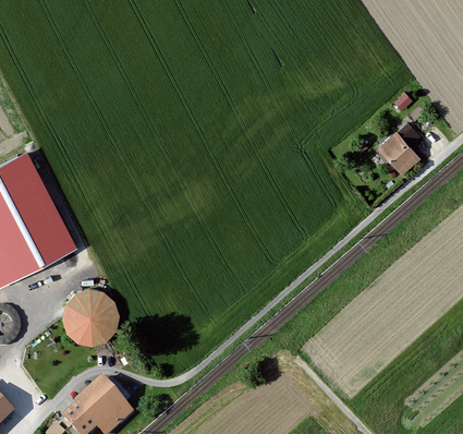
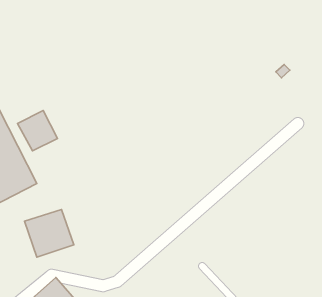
building: [380,136,419,176] -> none
building: none -> [18,111,57,151]

